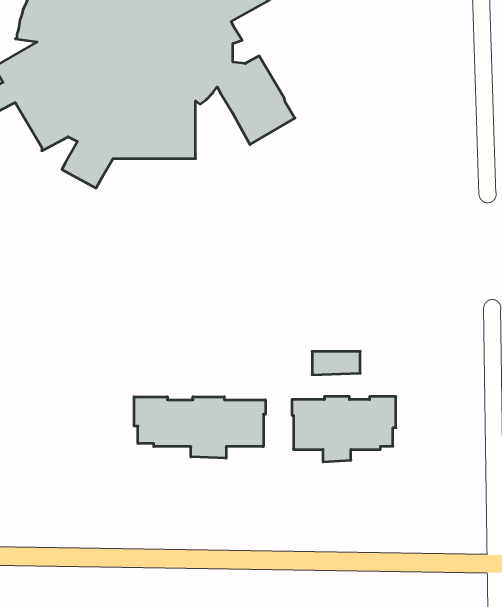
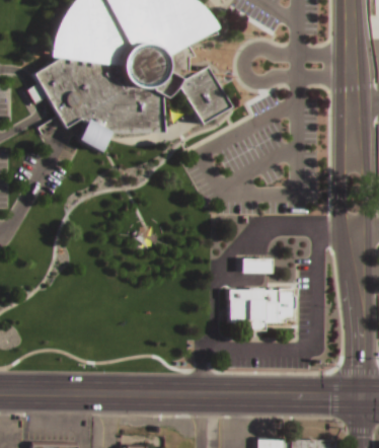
building: [134,397,265,458] -> none

